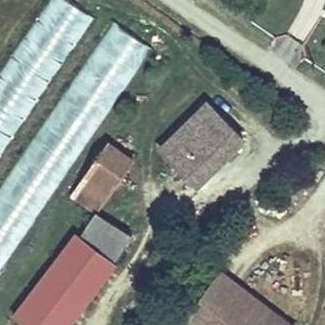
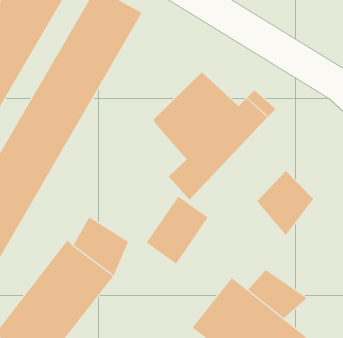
building: [79,143,134,203] -> [146,196,209,264]
building: none -> [257,170,314,236]
building: none -> [247,269,308,319]

